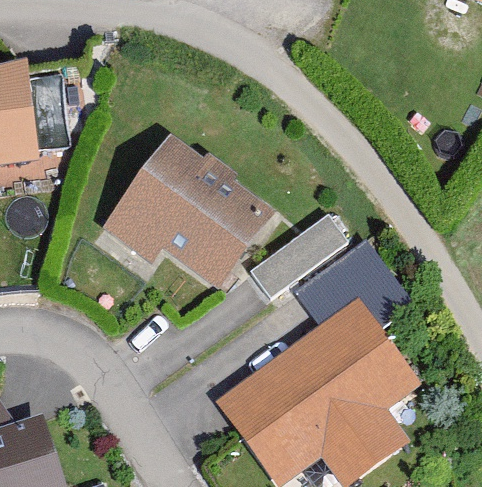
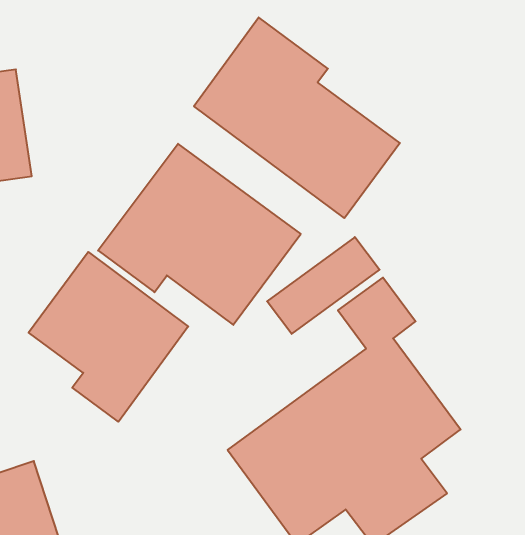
building: none -> [194,17,400,218]
building: none -> [29,252,188,422]

